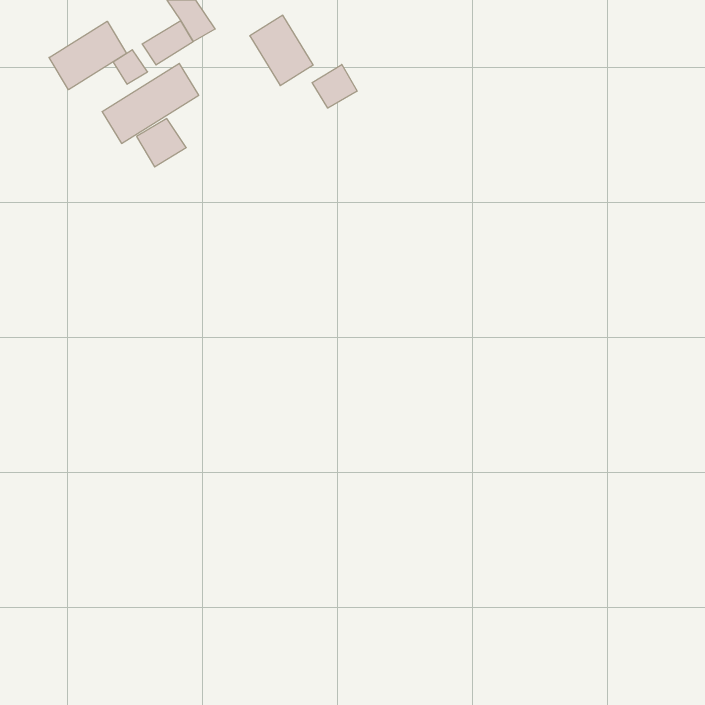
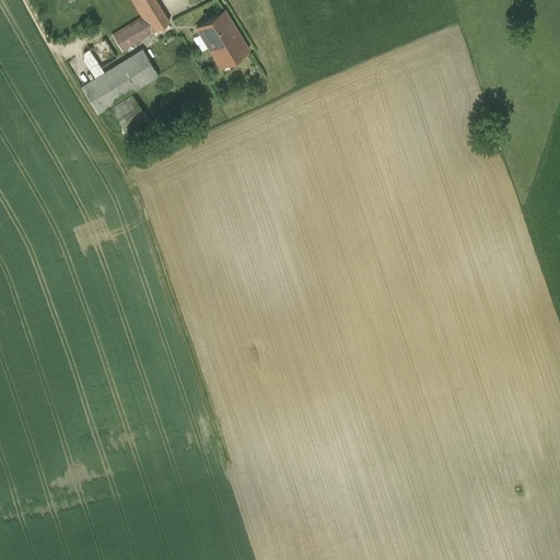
building: [49,21,127,90] -> none
building: [312,64,357,108] -> none

